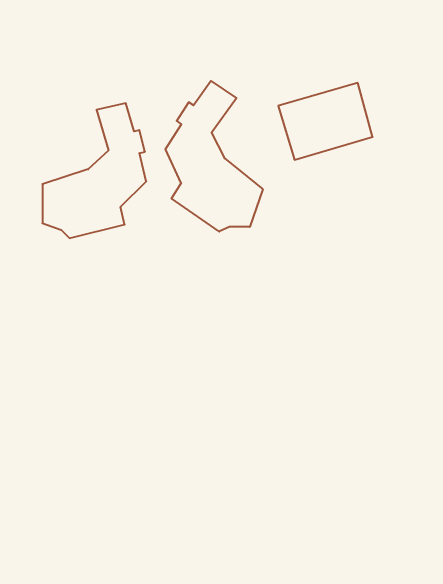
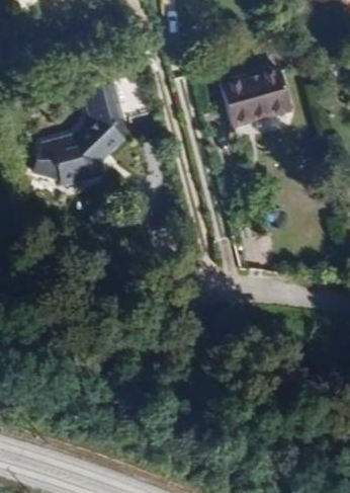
building: [166,81,263,232] -> none

